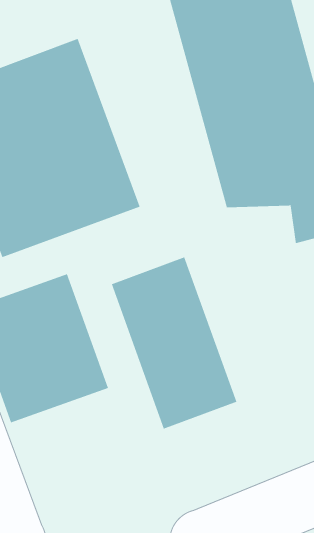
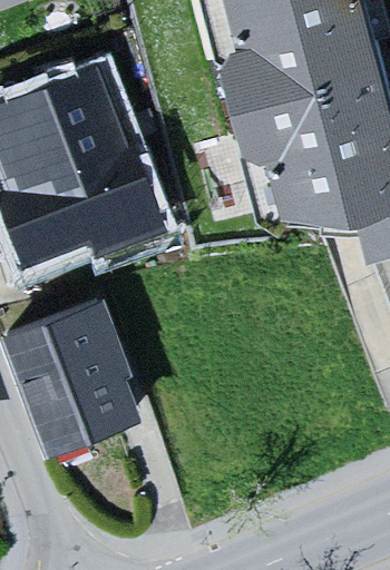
building: [111,257,237,429] -> none

